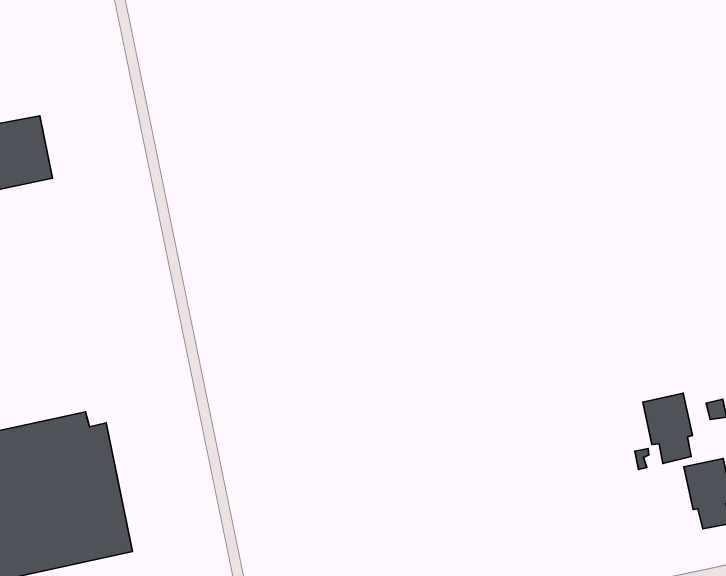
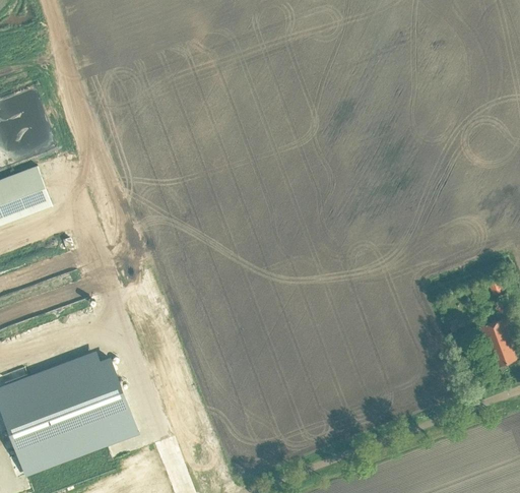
building: [643,393,692,464] -> none

